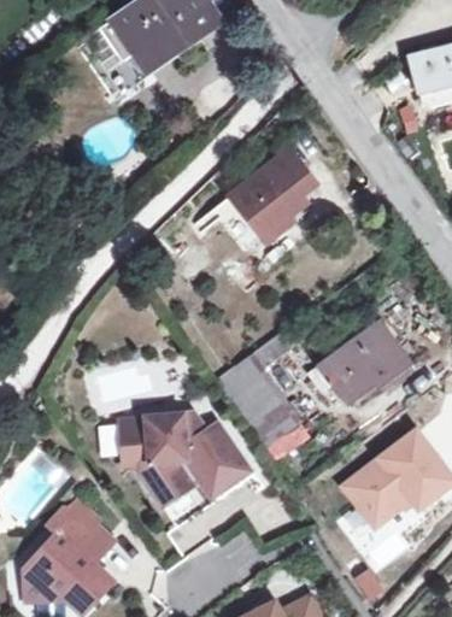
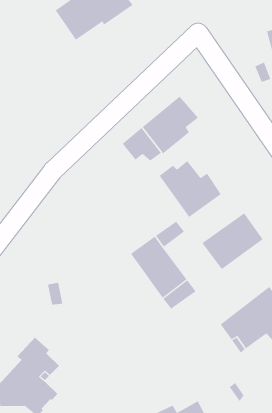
building: [89,24,176,83] -> none
building: none -> [159,160,221,218]
building: [119,413,252,528] -> none

